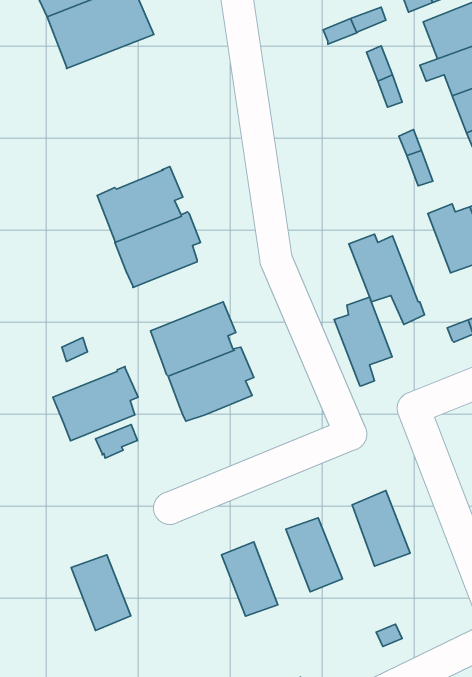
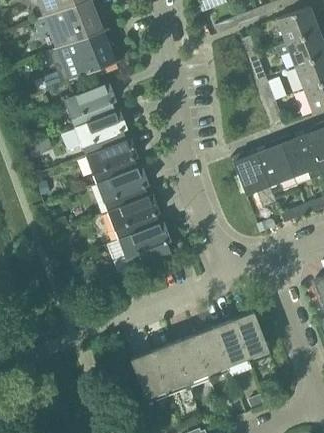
building: none -> [49,29,121,84]
building: none -> [63,83,116,129]
building: [334,297,392,386] -> [257,140,293,195]
building: [53,367,138,441] -> [96,167,149,213]
building: none -> [211,321,246,367]
building: none -> [171,336,206,383]
building: [71,555,131,630] -> [129,352,166,399]

